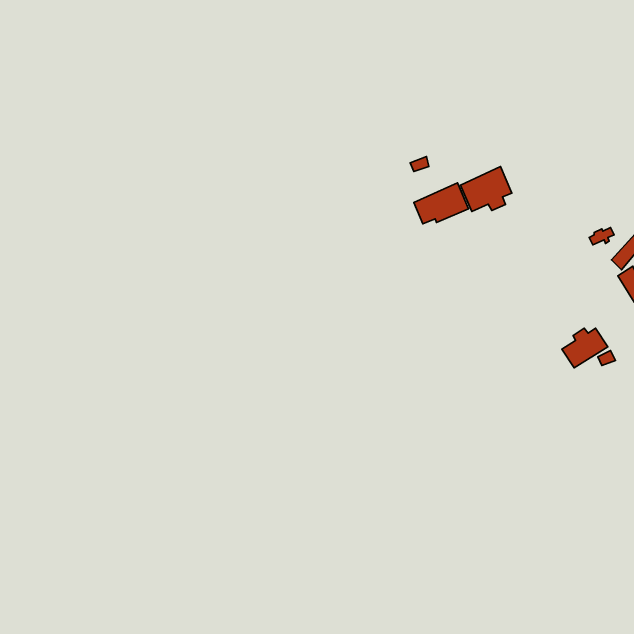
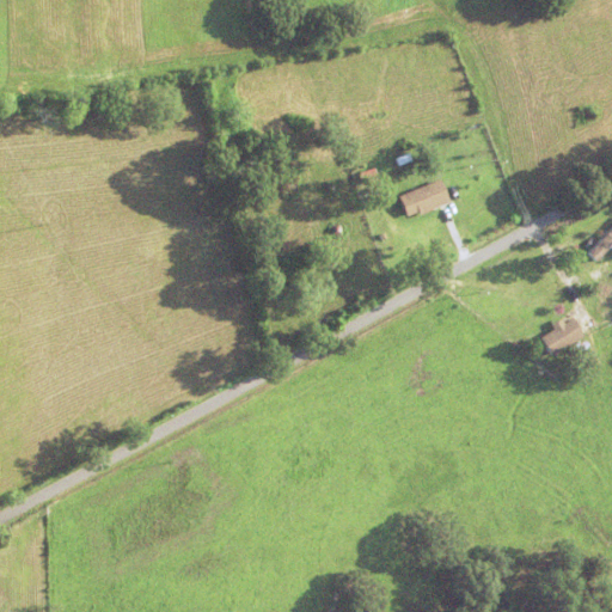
building: [461,167,512,212] -> none

